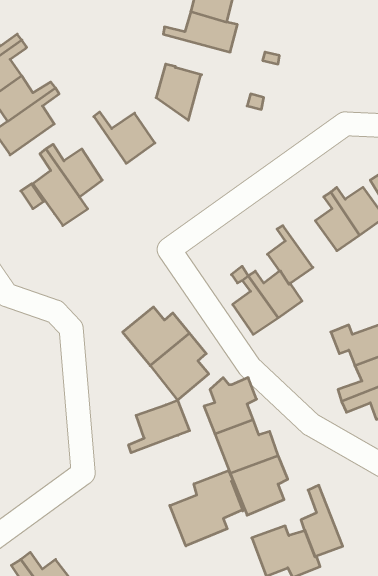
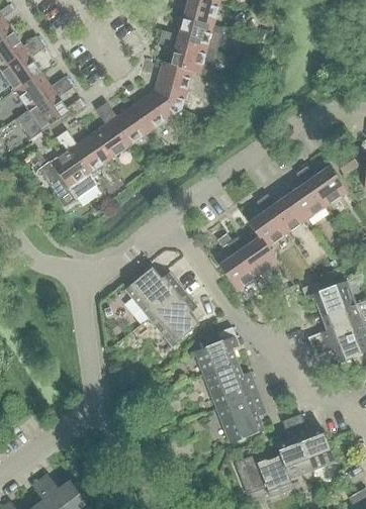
building: none -> [158,37,216,77]
building: none -> [135,91,181,129]
building: none -> [91,107,128,161]
building: none -> [261,195,306,234]
building: [129,400,190,453] -> none
building: [170,470,243,546] -> none
building: none -> [291,414,335,470]

